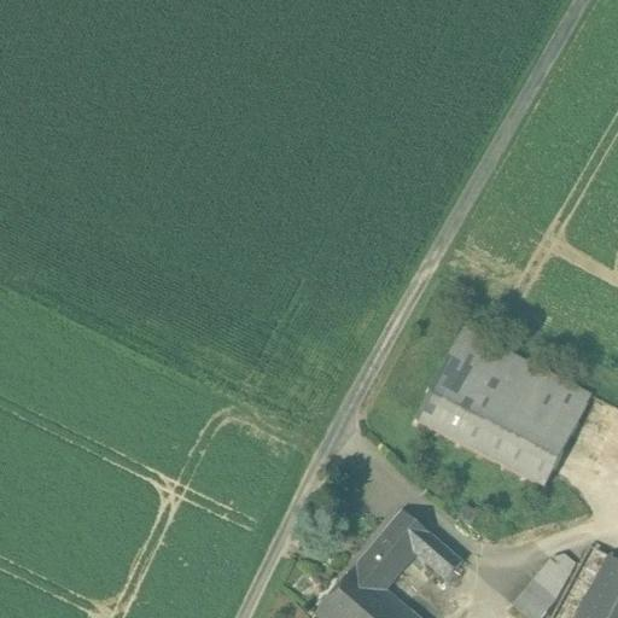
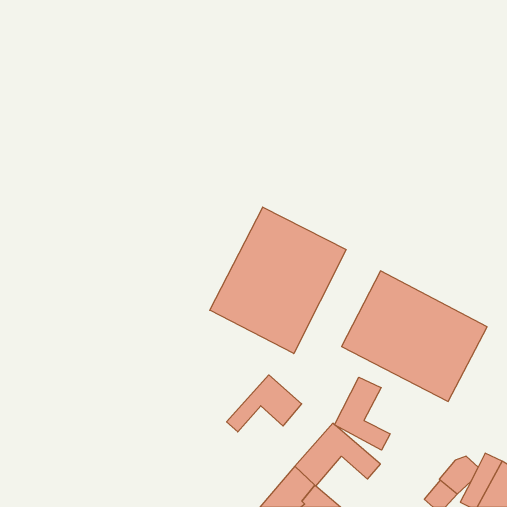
building: none -> [210,207,346,354]
building: none -> [227,375,302,432]
building: none -> [335,377,390,450]

